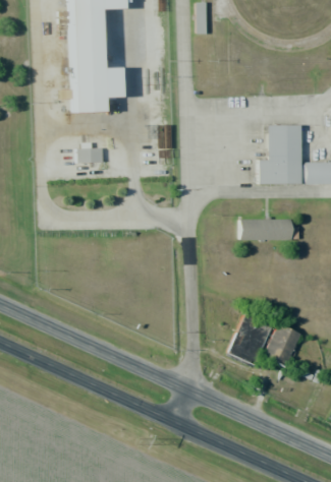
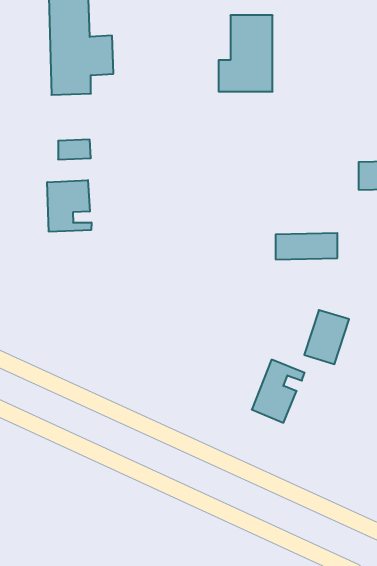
building: [263,126,305,185] -> [219,15,273,92]
building: none -> [47,180,91,232]
building: [265,323,299,365] -> [304,310,349,364]

